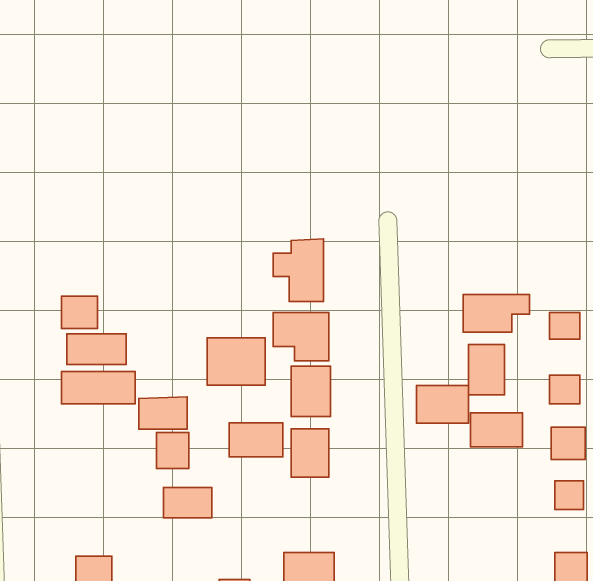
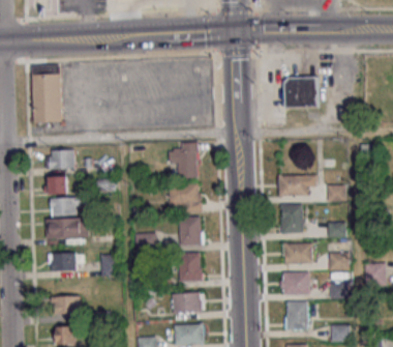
building: none -> [33,67,61,124]
building: none -> [284,77,316,108]
building: none -> [48,150,74,168]
building: [207,338,265,385] -> none
building: [417,386,469,423] -> [280,272,310,294]
building: [139,397,187,429] -> [49,253,77,271]
building: [229,423,283,457] -> [173,293,204,313]
building: [164,487,212,518] -> [53,296,81,314]
building: none -> [285,301,308,329]

